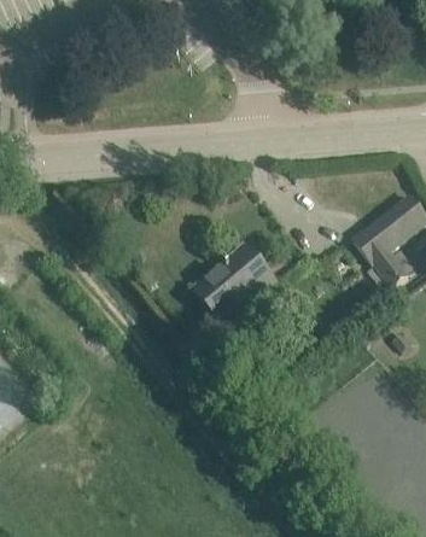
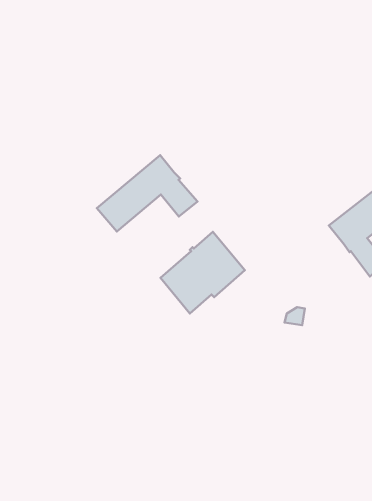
building: none -> [97,155,198,231]

